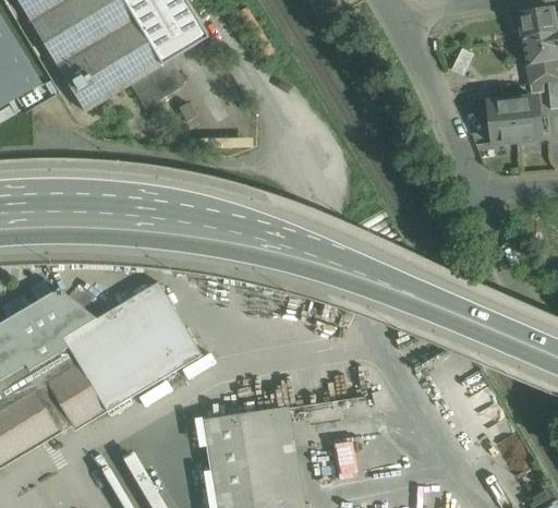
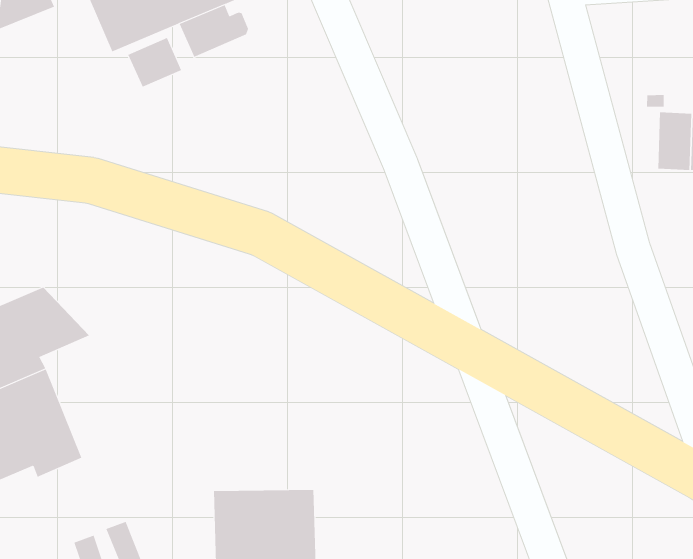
building: none -> [128,37,182,88]
building: [64,283,202,411] -> none

